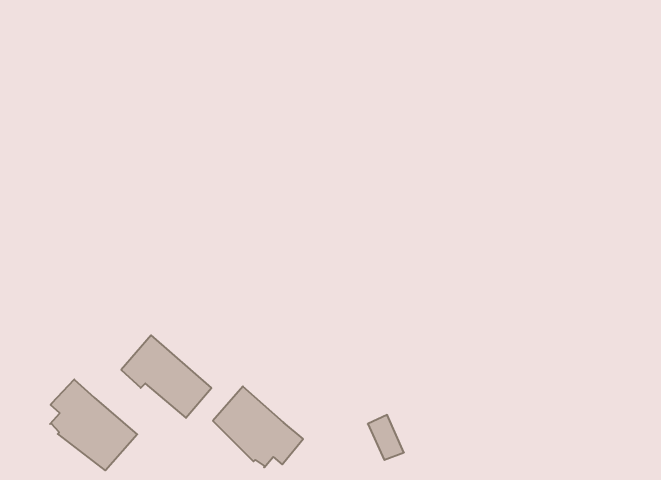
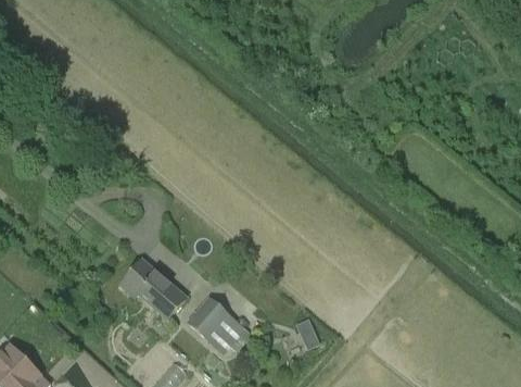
building: [50,379,137,470] -> none

